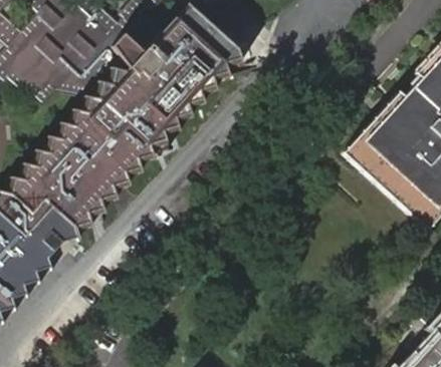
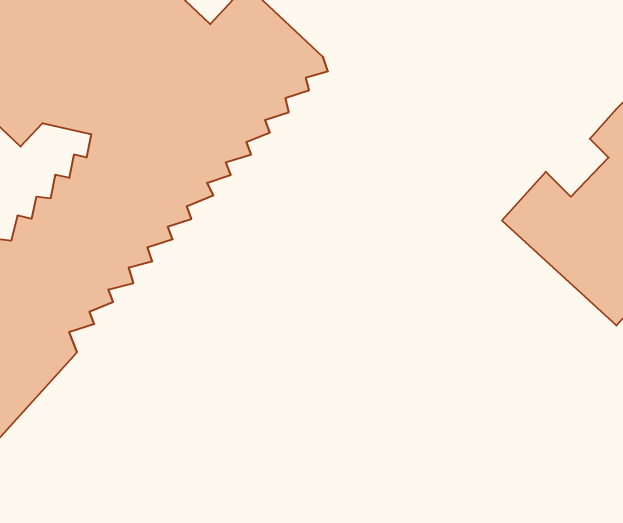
building: [378,95,418,136] -> none

